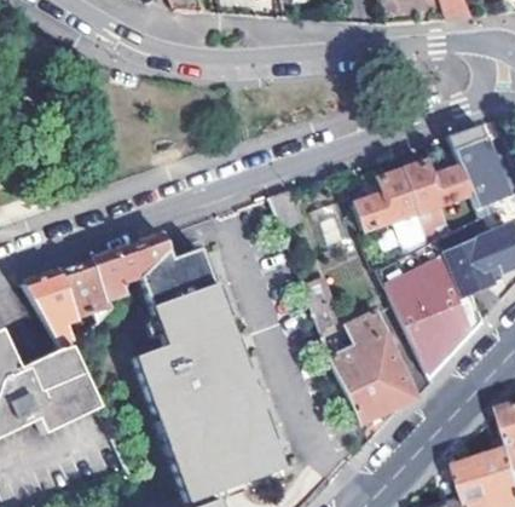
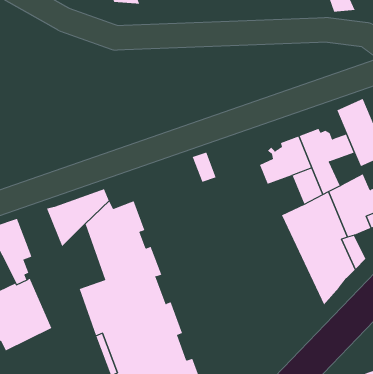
building: [58,258,112,317] -> none
building: [306,276,418,422] -> none

